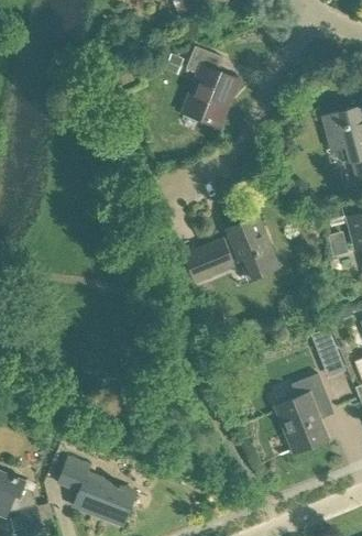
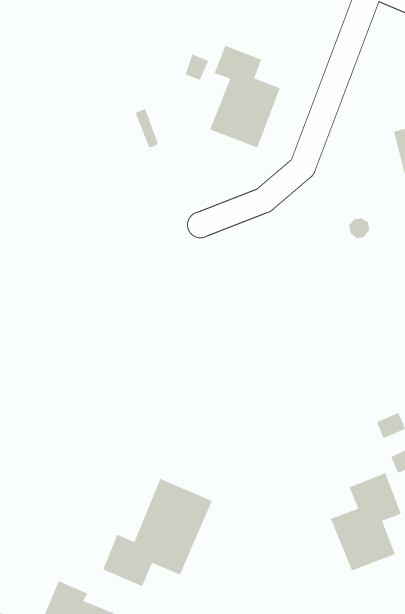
building: [184,216,279,283] -> none
building: none -> [102,478,213,587]

